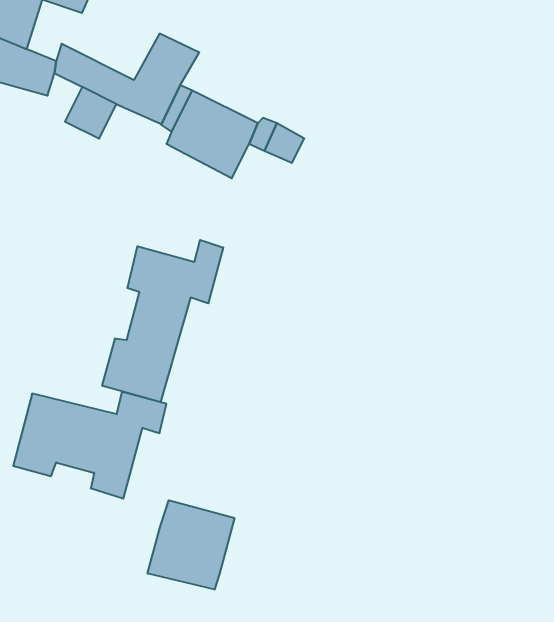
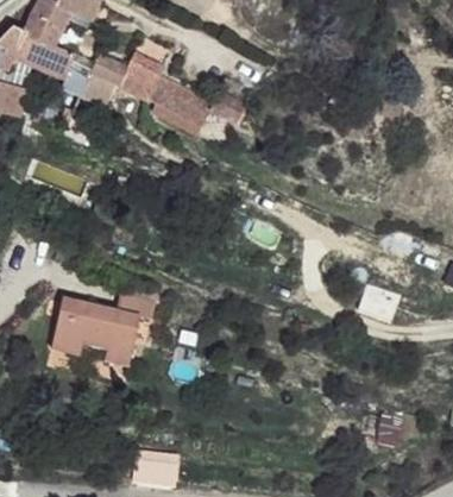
building: [102,240,223,402] -> none
building: [148,500,234,590] -> none

